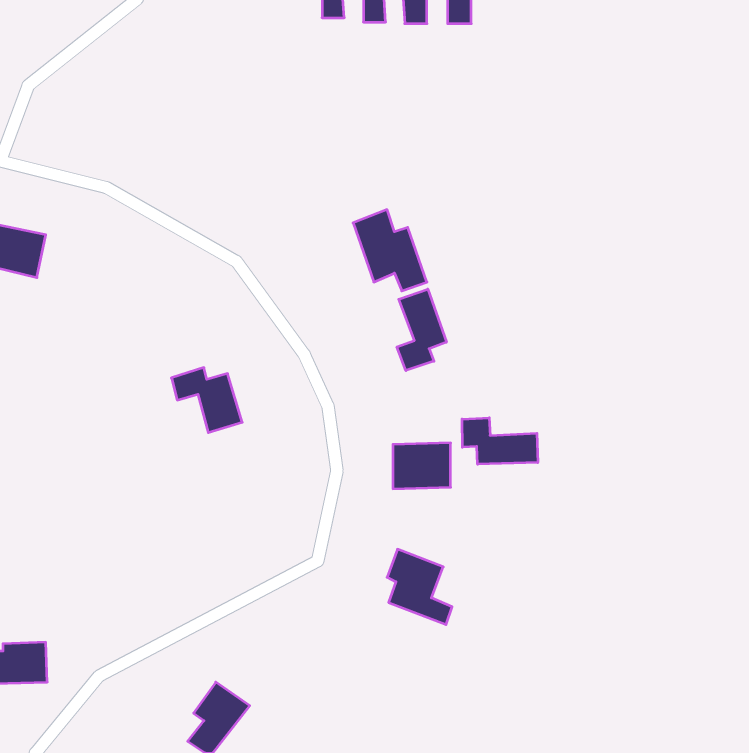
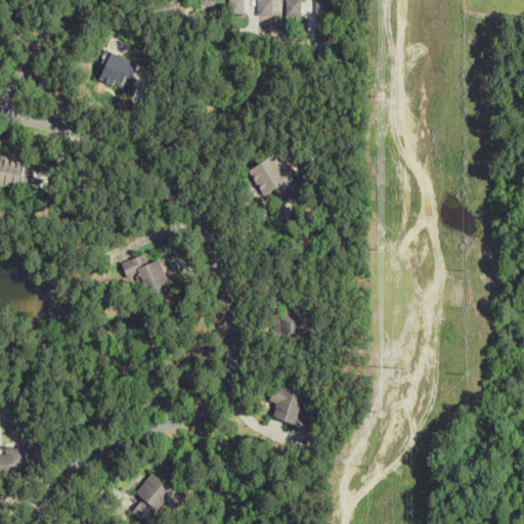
building: none -> [99,53,133,88]
building: [397,289,446,371] -> none
building: [462,418,538,464] -> none

